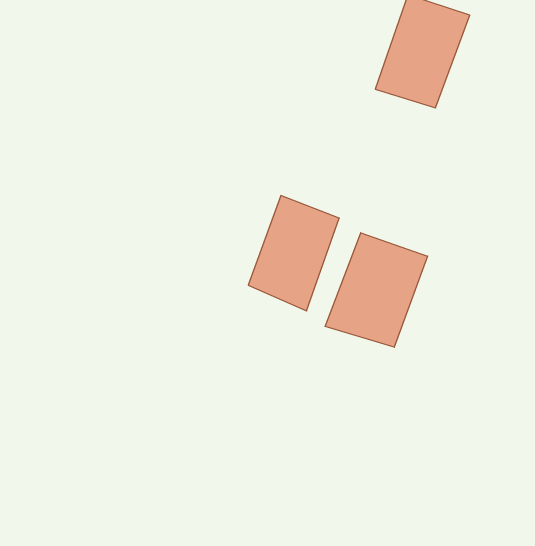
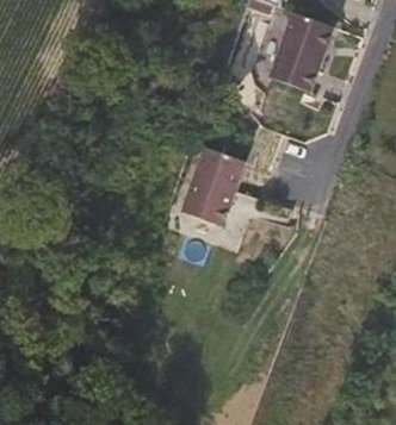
building: [325,233,428,347] -> none

